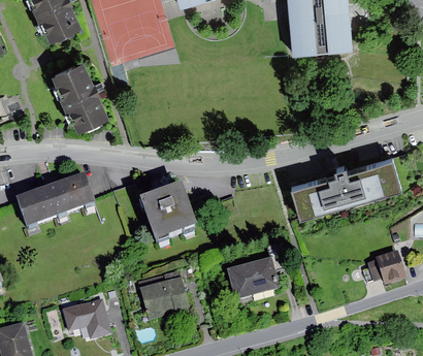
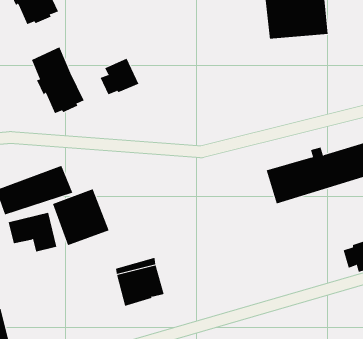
building: none -> [100,58,139,95]
building: [138,182,196,239] -> [52,189,110,246]
building: [225,242,288,298] -> none
building: [61,298,110,338] -> [8,212,57,252]

